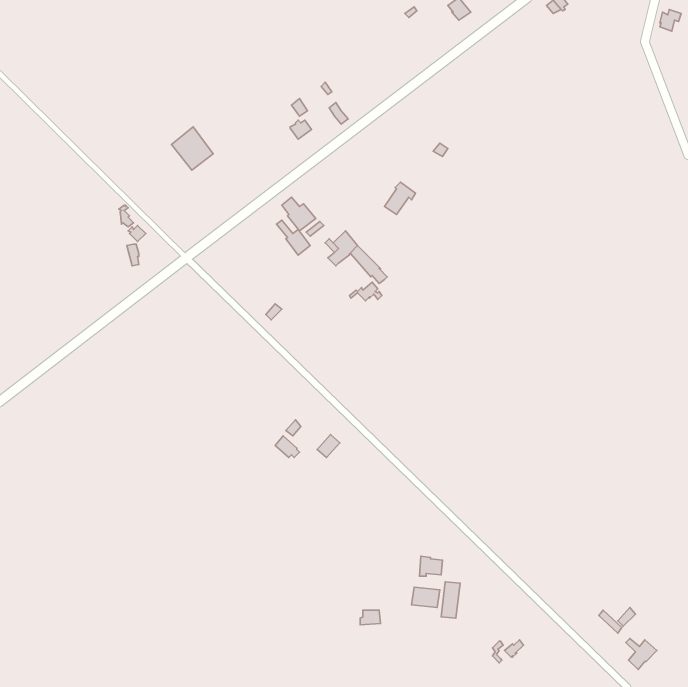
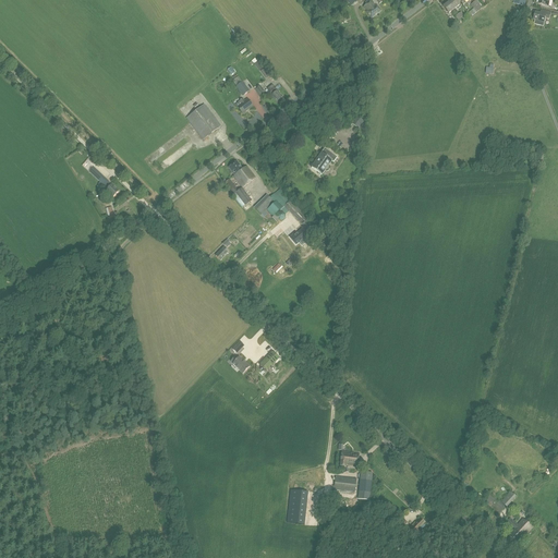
building: [172,127,213,170] -> [185,102,219,137]

